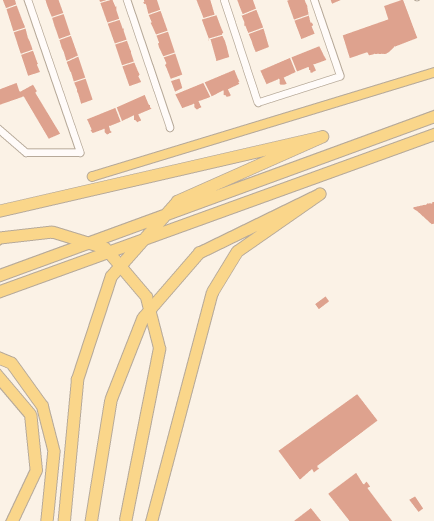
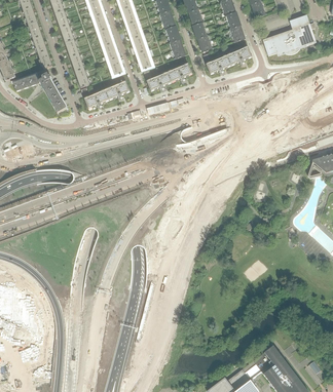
building: [277,393,378,480] -> none

